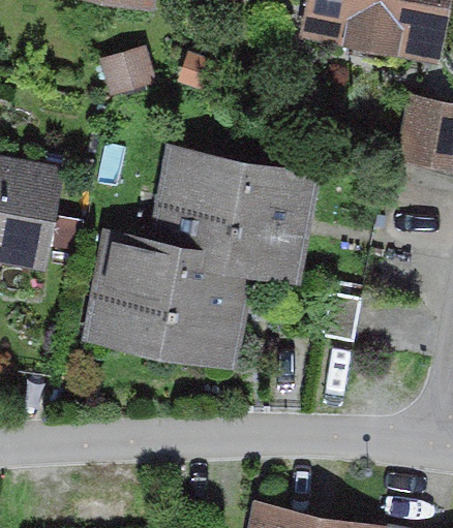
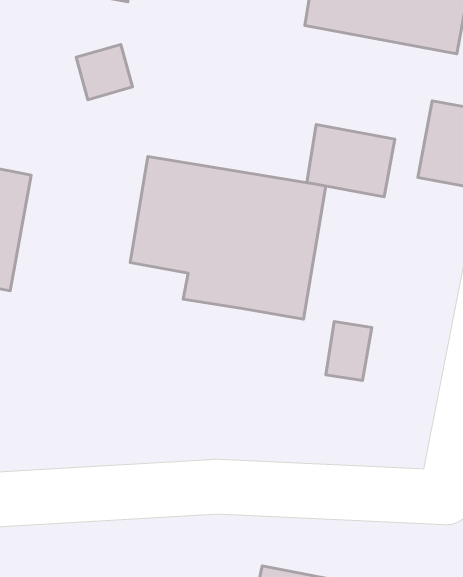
building: none -> [307,124,395,197]
building: [87,231,247,373] -> none

